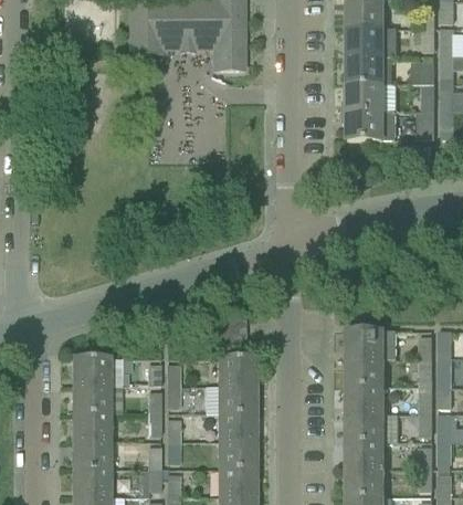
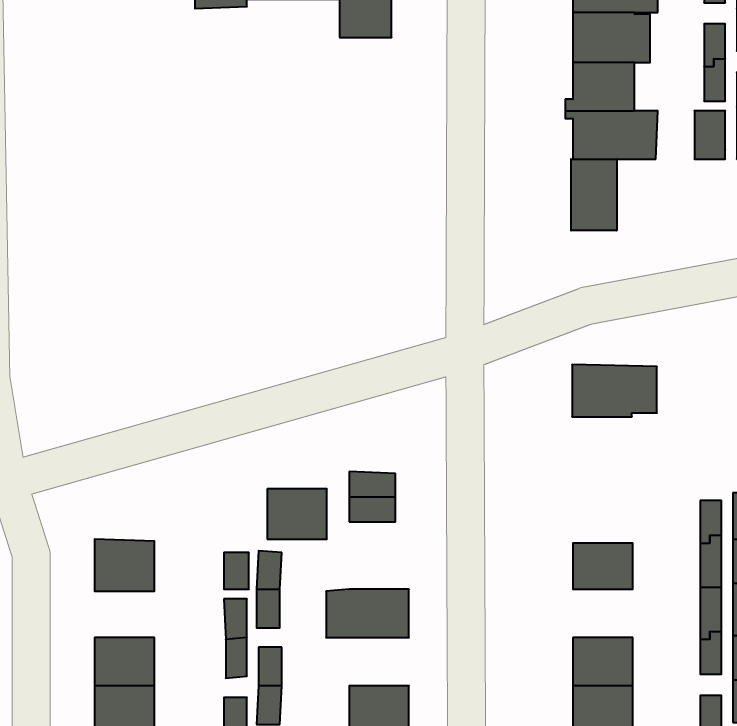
building: none -> [571,159,617,231]
building: [347,329,396,359] -> [572,365,657,417]
building: [219,357,253,386] -> [267,489,327,539]
building: [347,386,381,413] -> none
building: [73,387,107,413] -> none
building: [219,413,253,441] -> none

